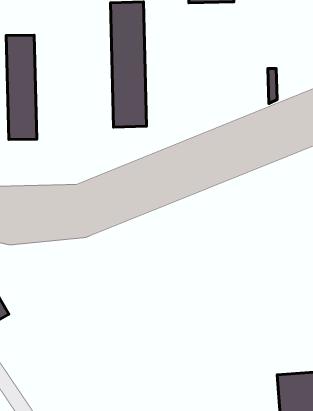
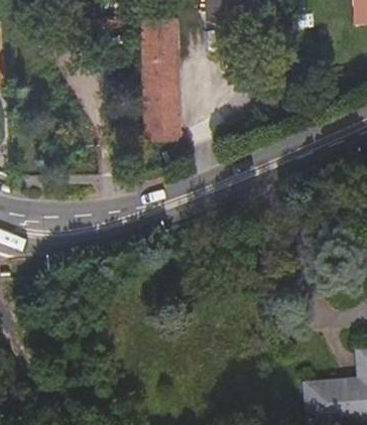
building: [6,35,37,140] -> none

